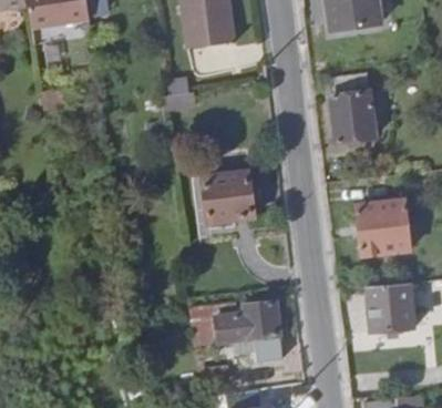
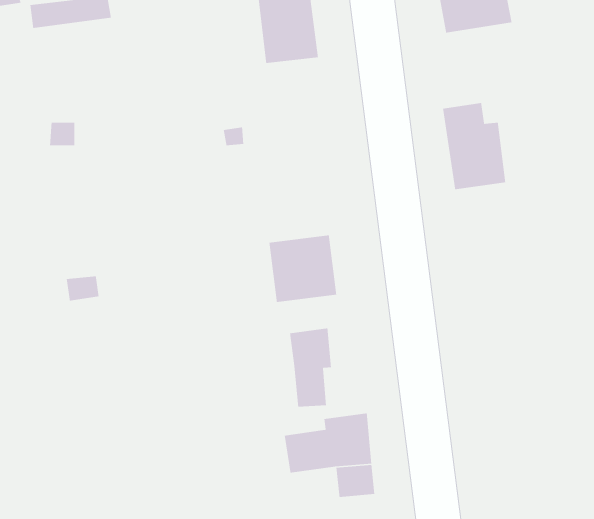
building: [356,201,408,256] -> none
building: none -> [289,328,332,407]
building: [366,282,420,332] -> none

